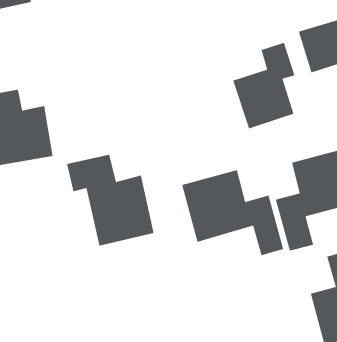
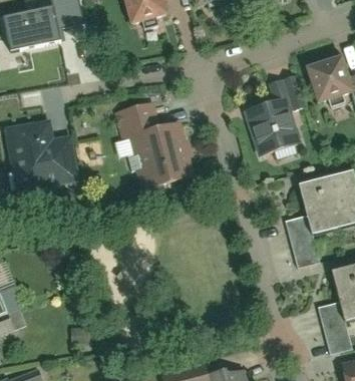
building: [66,154,155,247] -> [112,101,194,186]
building: [181,169,284,256] -> none

